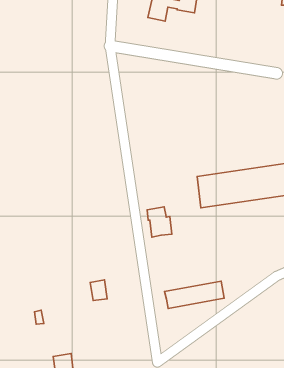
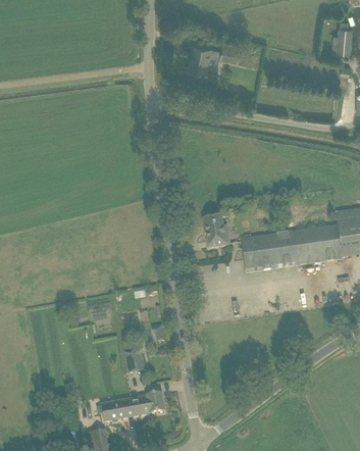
building: [147,207,172,237] -> [205,213,232,246]
building: [164,281,224,309] -> [102,391,166,420]

